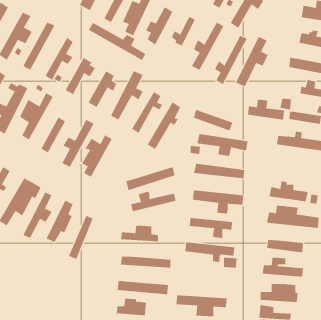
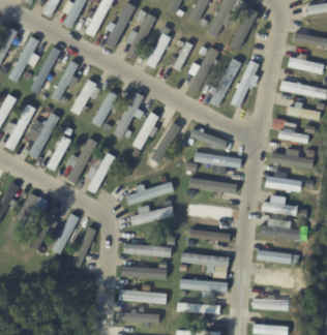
building: [88,22,146,61] -> none
building: [247,99,285,120] -> [266,171,301,190]
building: none -> [179,278,228,297]

